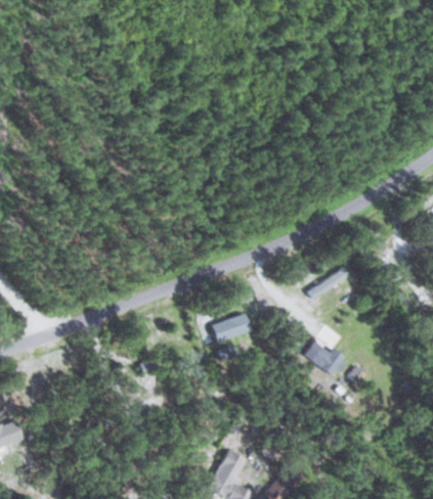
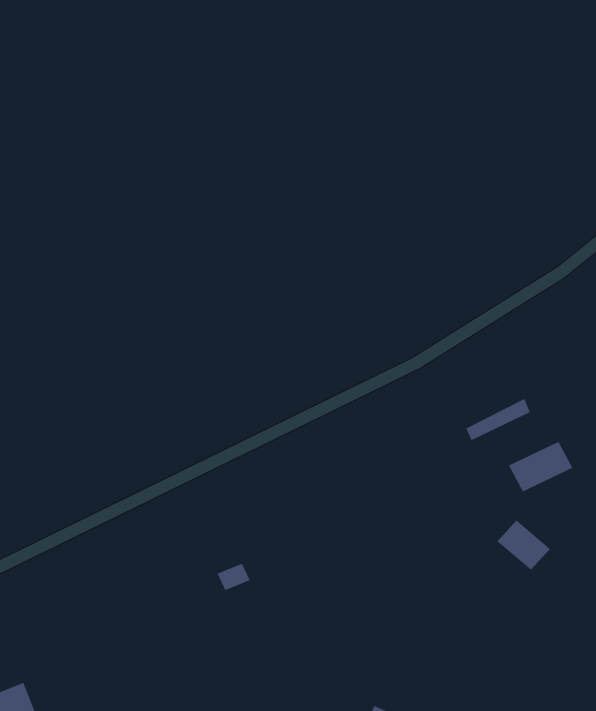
building: none -> [508,441,574,493]
building: [212,312,254,344] -> none

